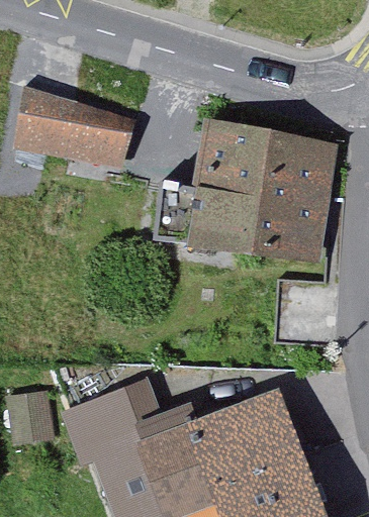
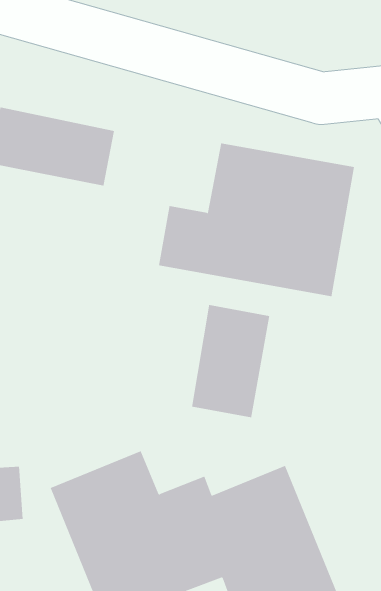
building: none -> [192,304,270,418]

